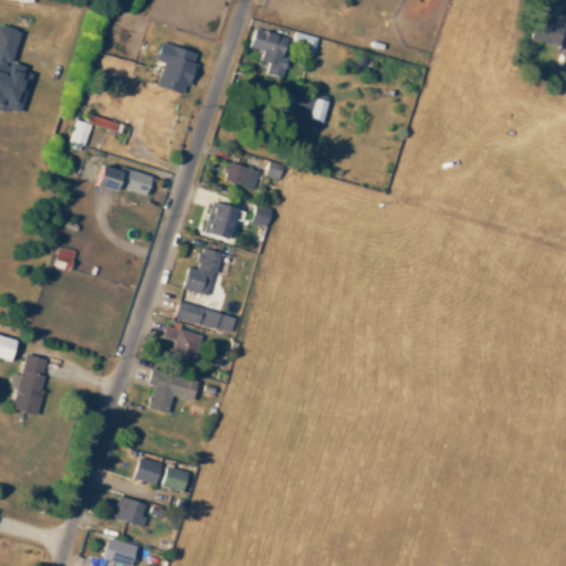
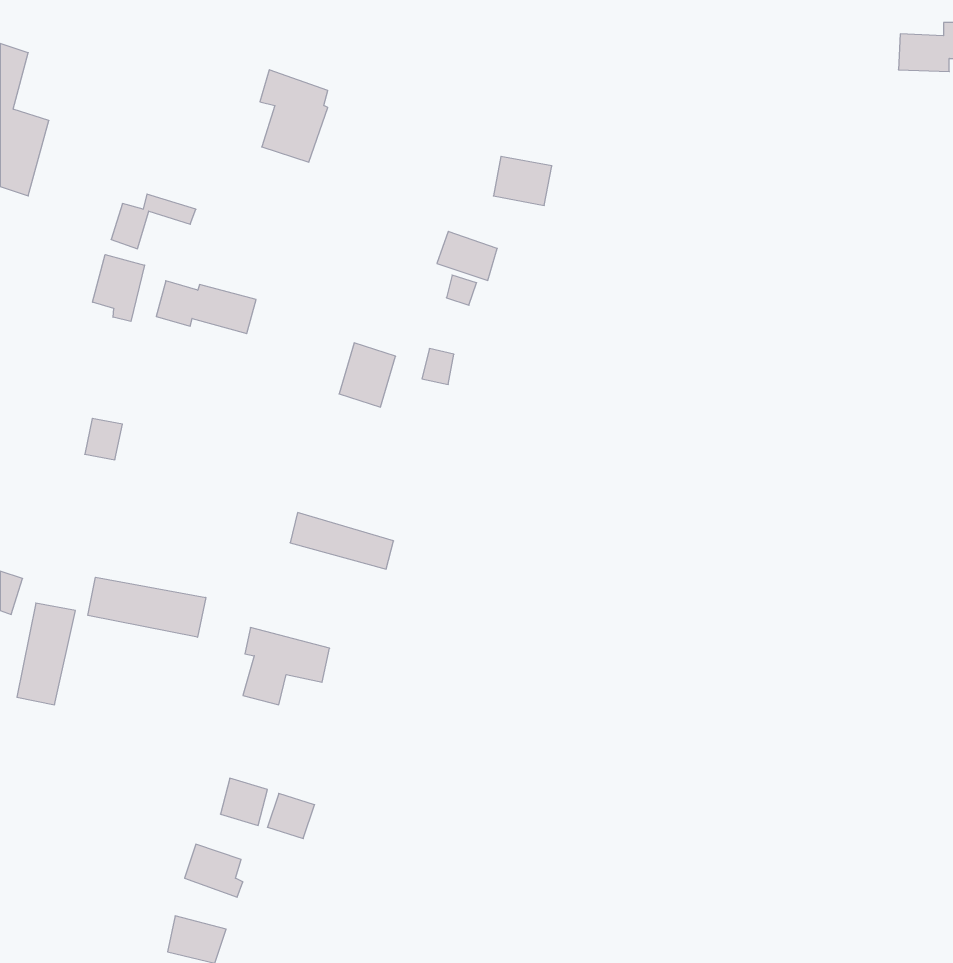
building: [252,28,290,77] -> none
building: none -> [93,255,145,321]
building: [226,161,261,190] -> [437,231,497,280]
building: [185,249,220,294] -> none
building: [165,325,203,365] -> none
building: none -> [88,577,206,637]

